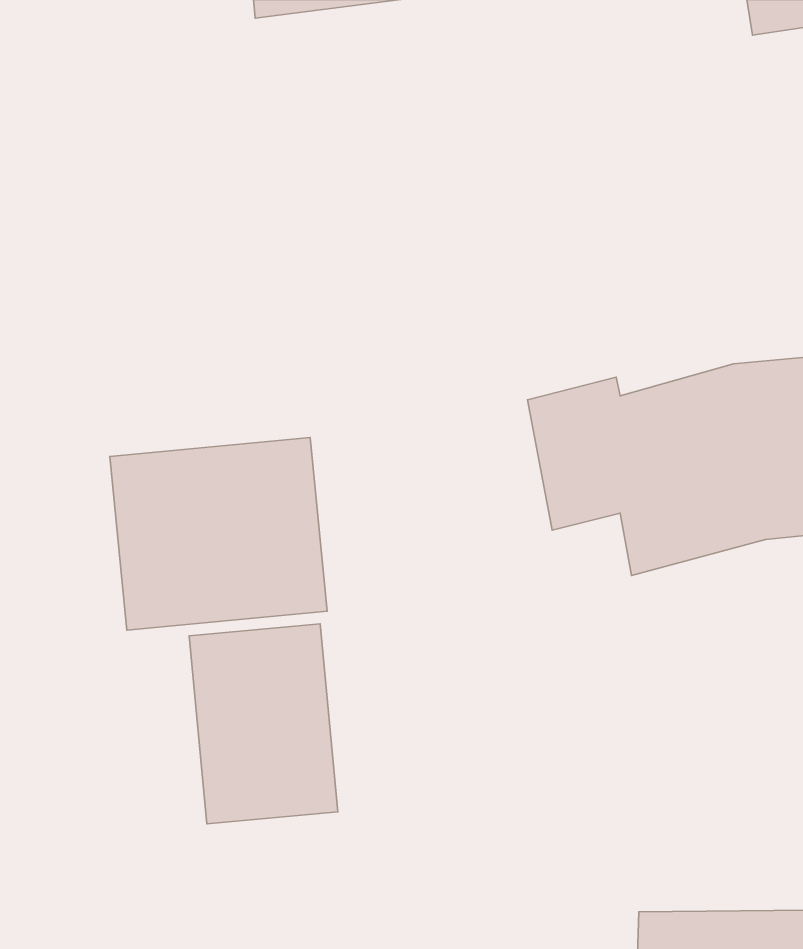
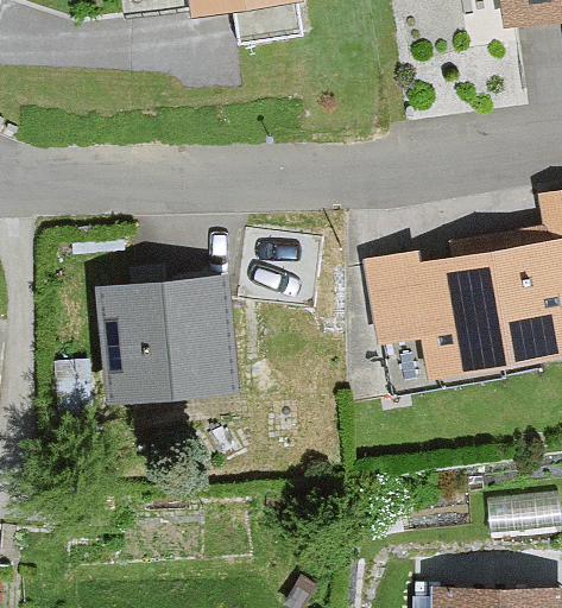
building: [189,624,338,824] -> none

